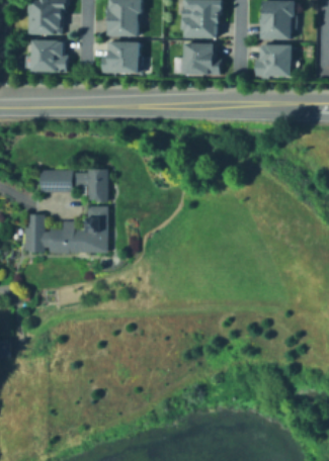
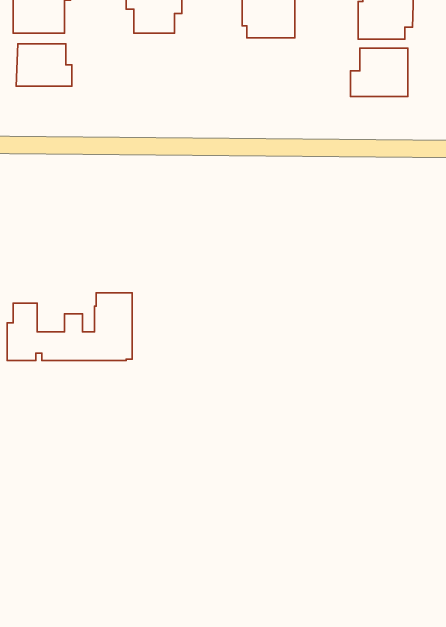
building: [100,40,143,72] -> none
building: [182,43,221,72] -> none
building: [38,169,107,202] -> none

